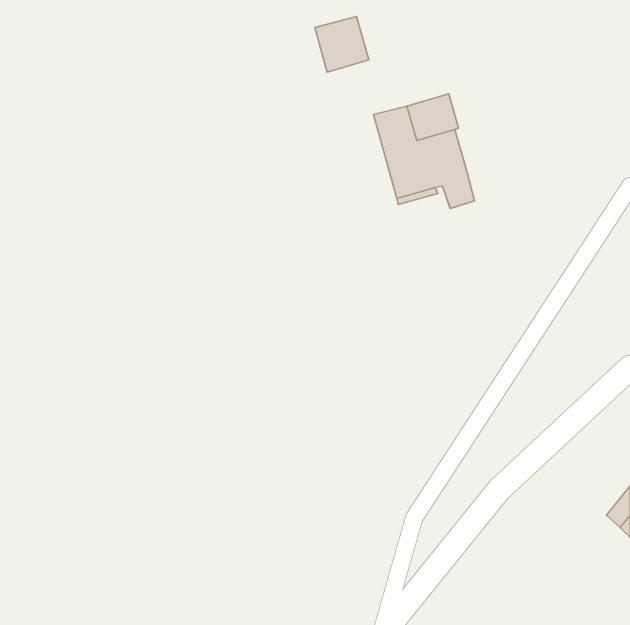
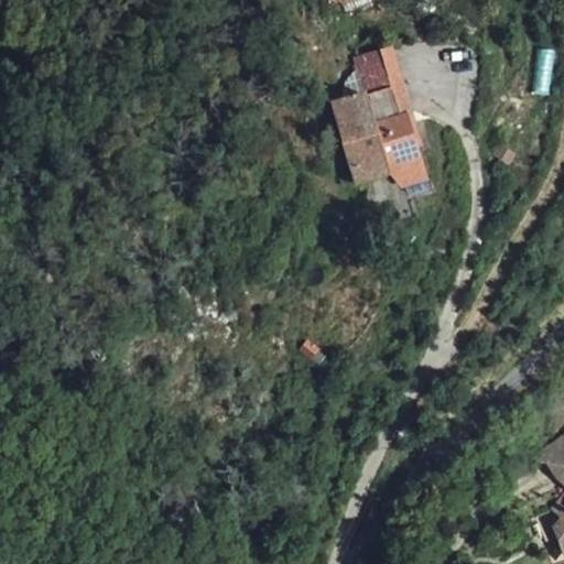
building: [315,17,369,72] -> [352,45,401,95]

